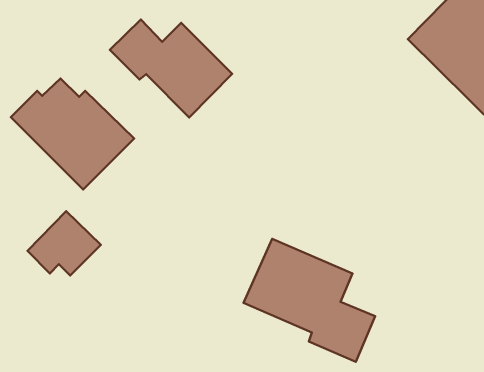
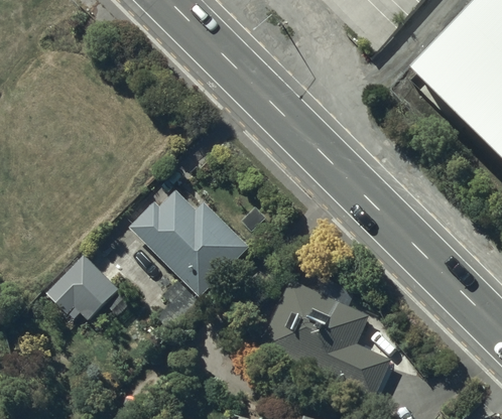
building: [110,20,232,117] -> none
building: [11,79,134,190] -> [130,186,252,296]

